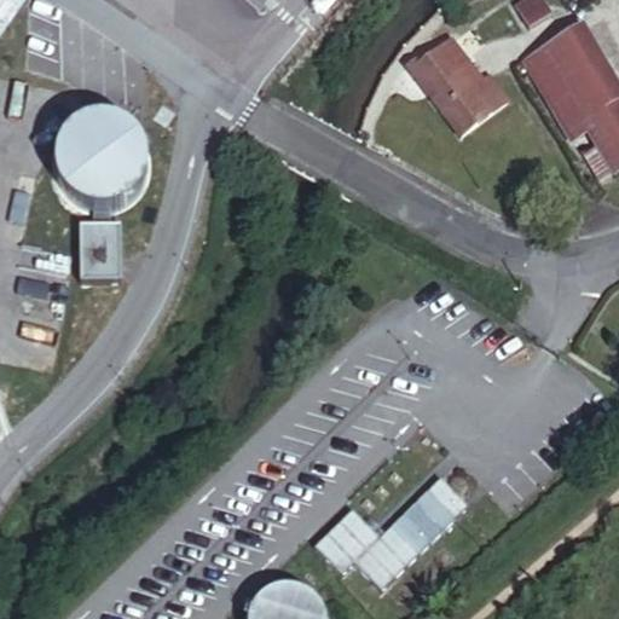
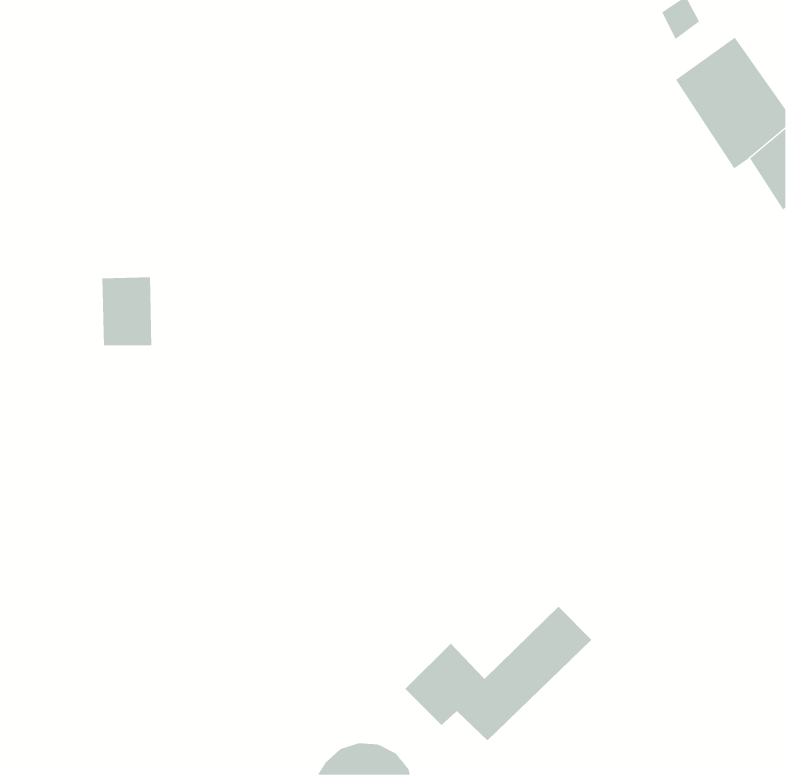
building: [418,52,497,138] -> none
building: [56,110,147,202] -> none

